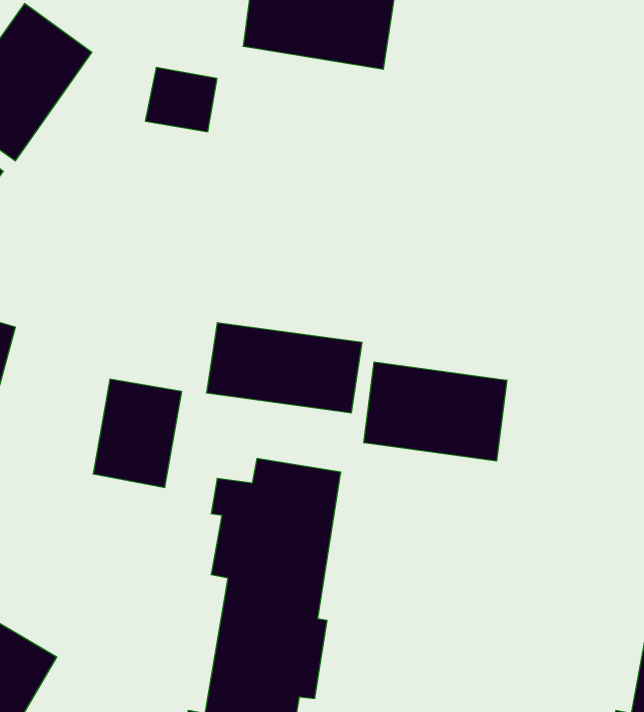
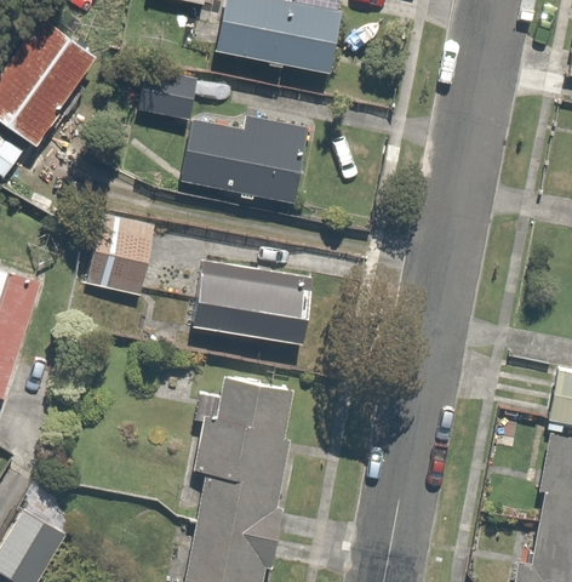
building: none -> [181,115,309,204]
building: [364,362,507,461] -> none
building: [93,379,182,488] -> [84,213,154,299]

